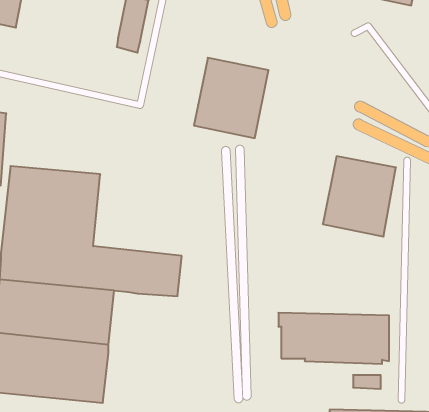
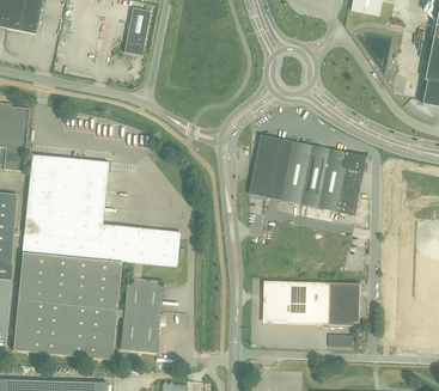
building: [194,58,269,138] -> [249,135,313,204]
building: none -> [116,263,163,353]

